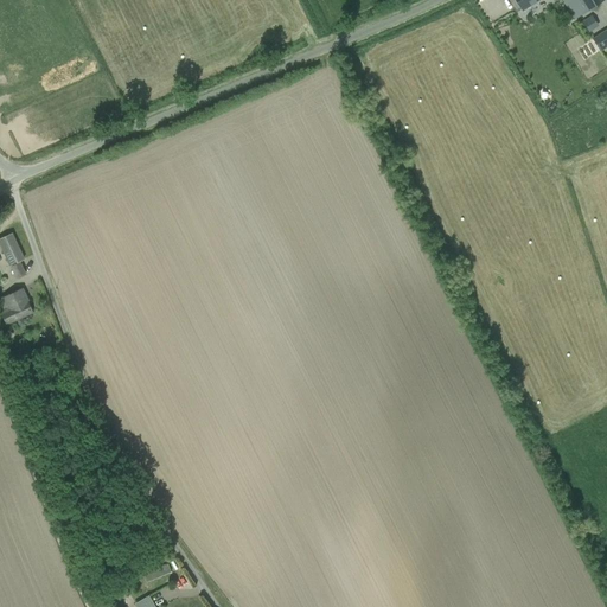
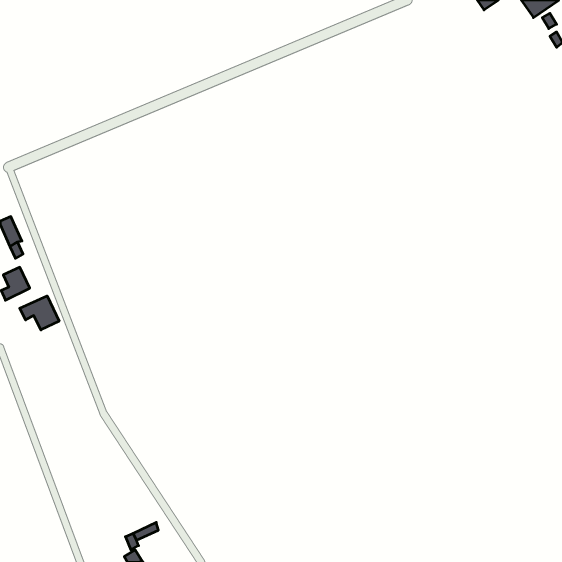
building: none -> [20,296,59,330]

